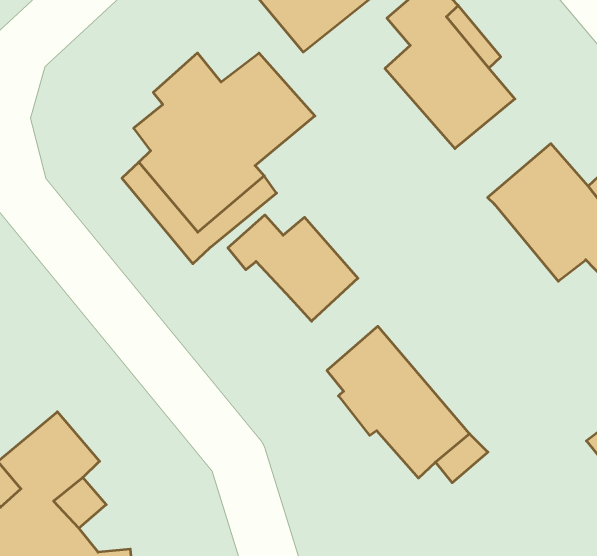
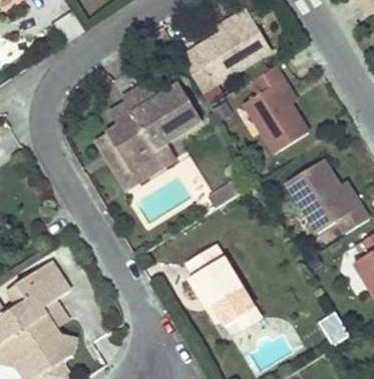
building: [228,215,358,321] -> none

